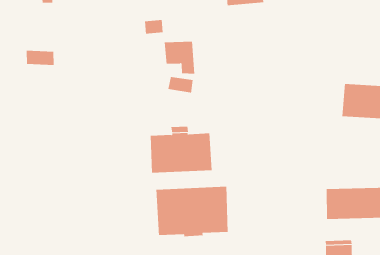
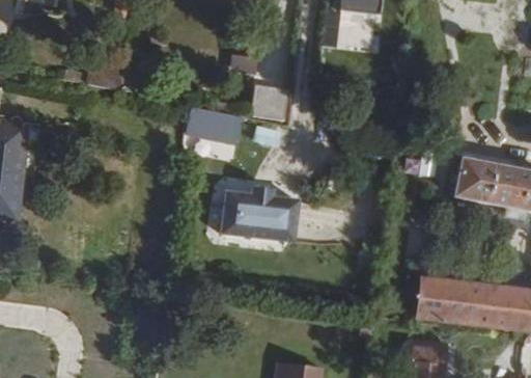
building: none -> [184,105,244,145]
building: [156,186,228,237] -> none

